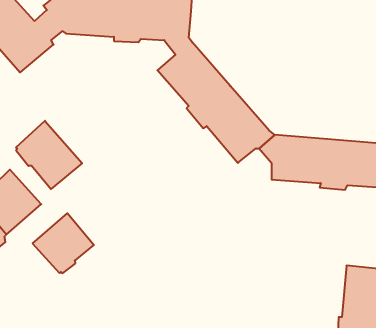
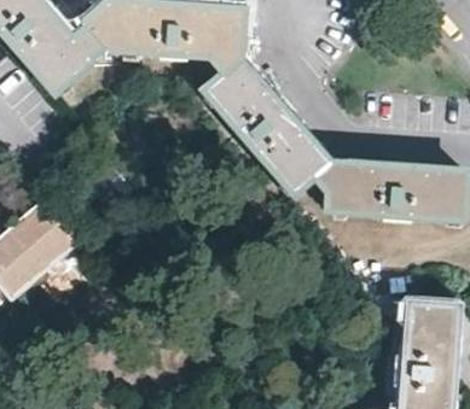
building: [16,121,82,189] -> none
building: [33,213,94,273] -> none

